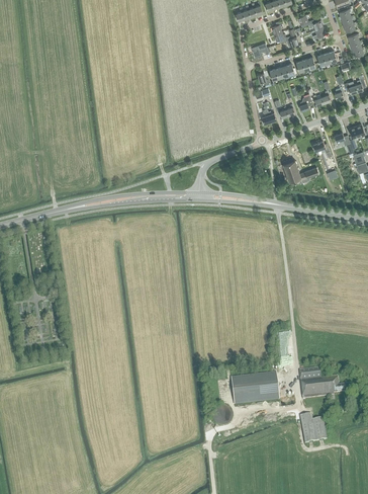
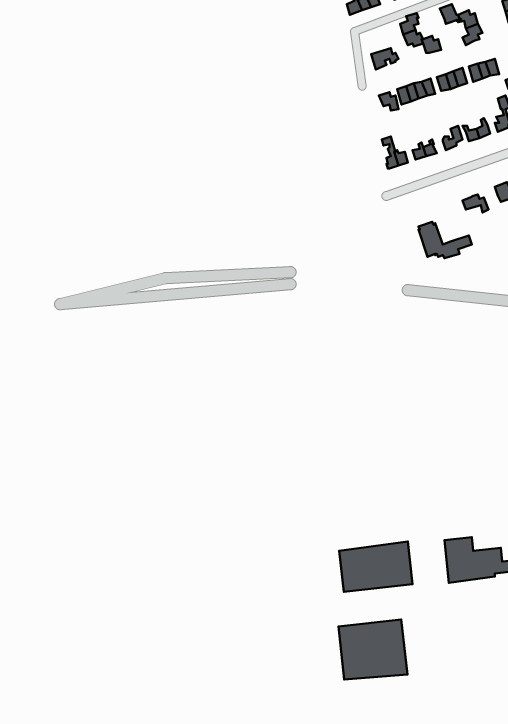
building: [300,414,327,443] -> none
building: none -> [338,620,407,680]

